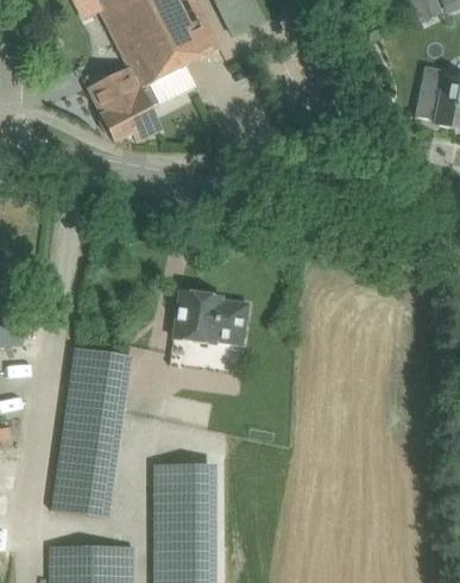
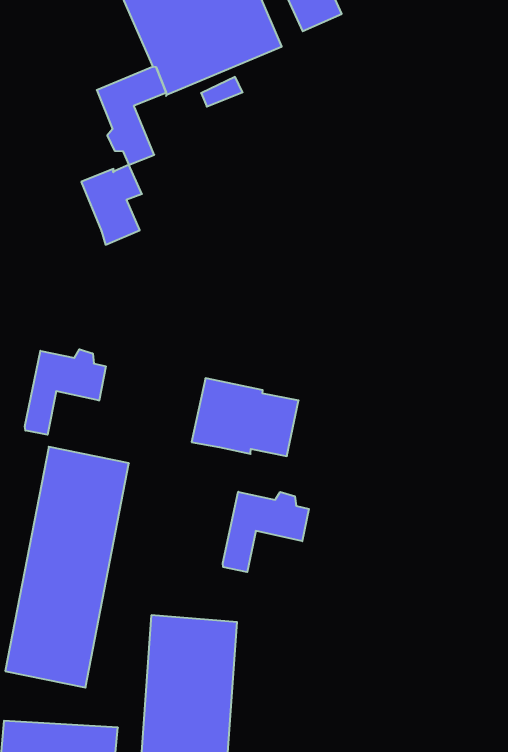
building: [118,83,162,142] -> [81,165,142,245]
building: none -> [25,349,106,435]
building: none -> [223,492,309,572]

